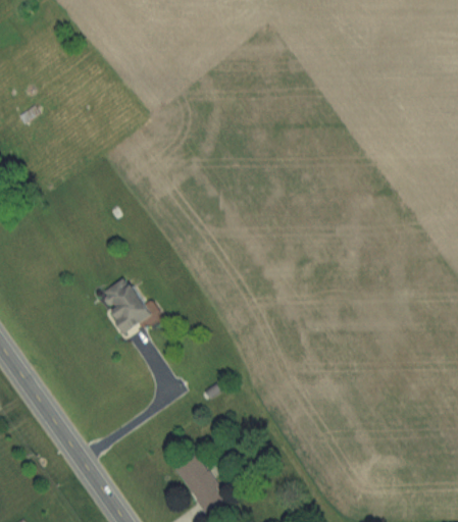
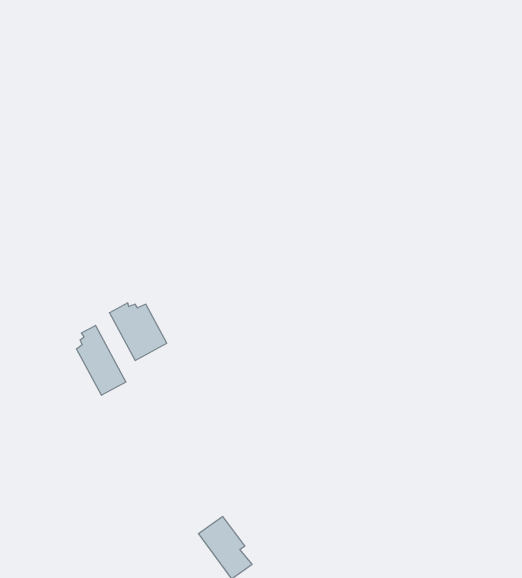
building: none -> [76,325,126,395]

